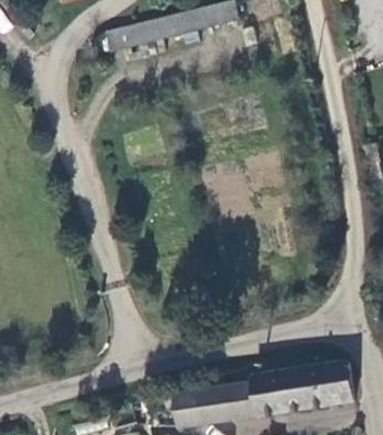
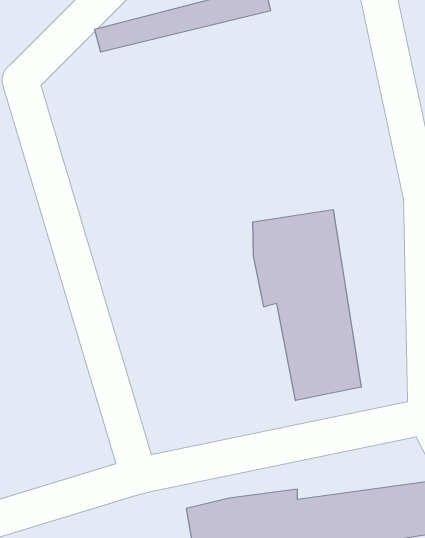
building: none -> [253,210,361,401]

